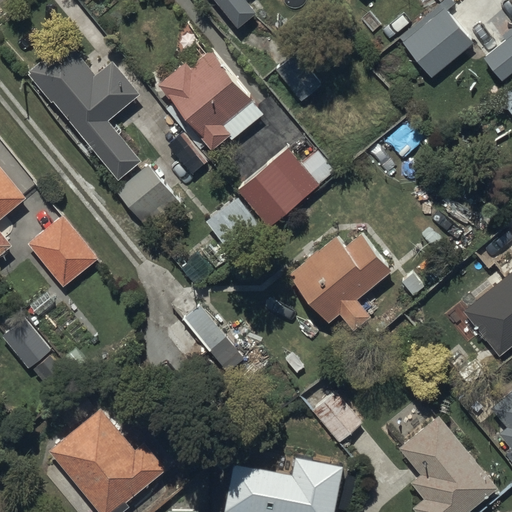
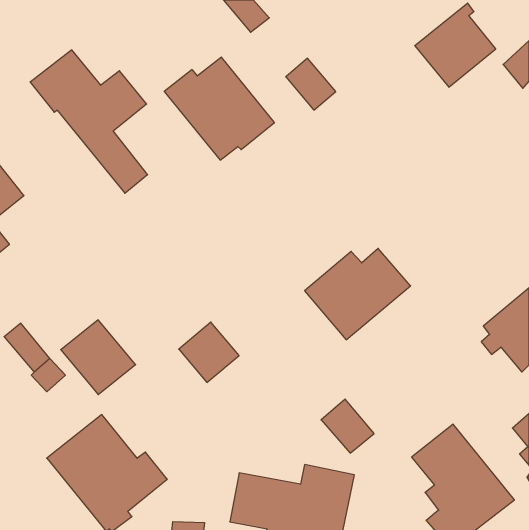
building: [240,141,336,232] -> none
building: [118,167,185,236] -> none
building: [25,208,97,280] -> [61,320,136,395]

